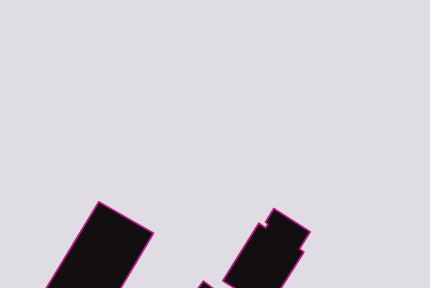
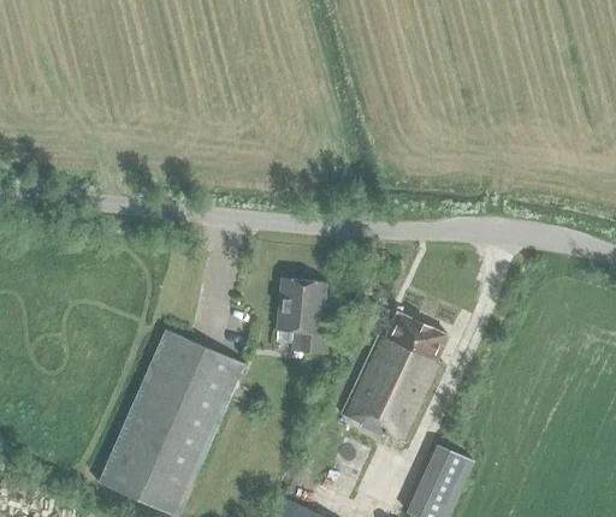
building: none -> [276,278,328,353]

